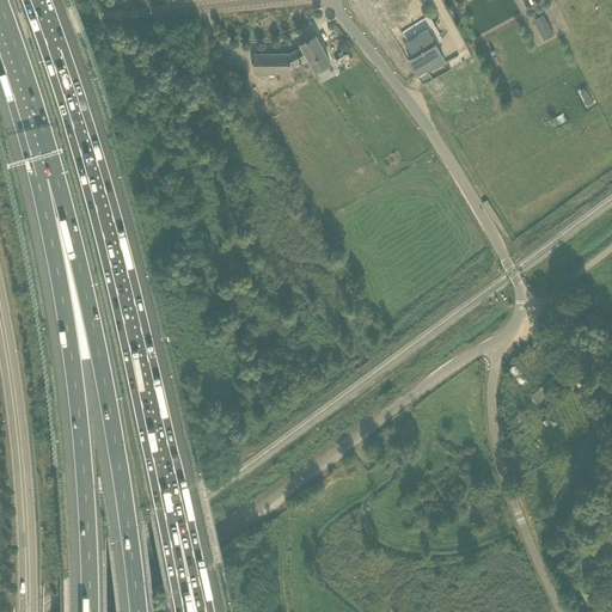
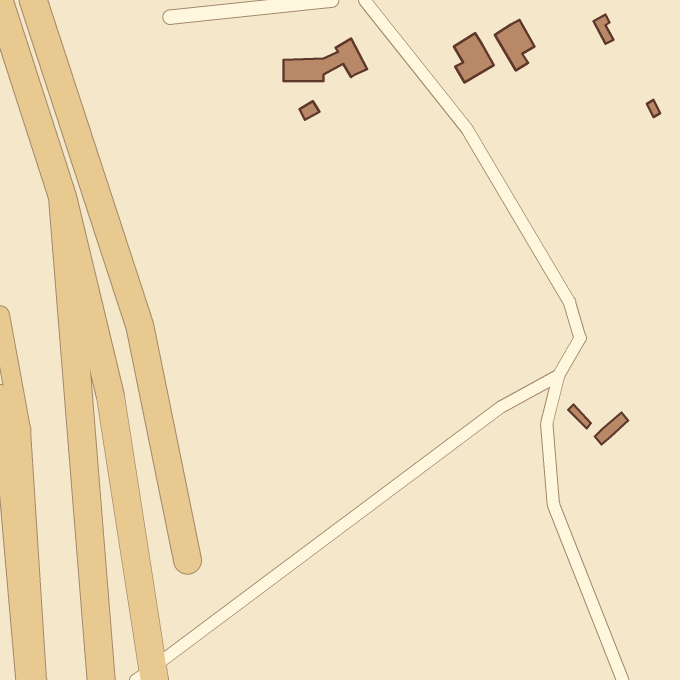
building: none -> [495,20,535,70]

